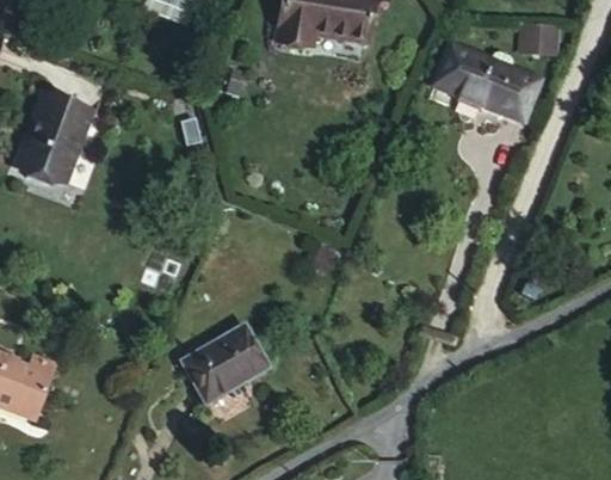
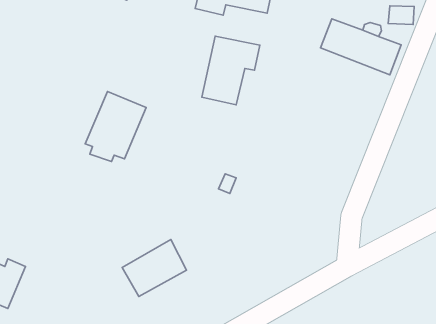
building: none -> [202,36,260,105]
building: [33,97,111,186] -> [85,91,146,162]

